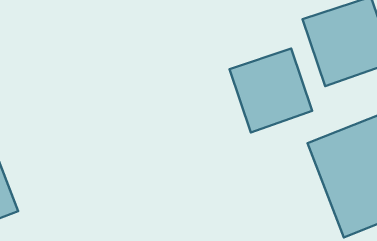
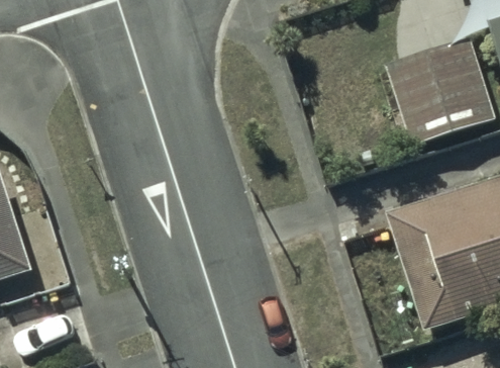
building: [229,49,312,132] -> none

